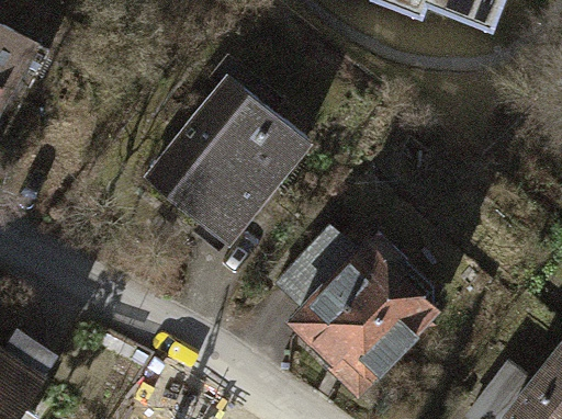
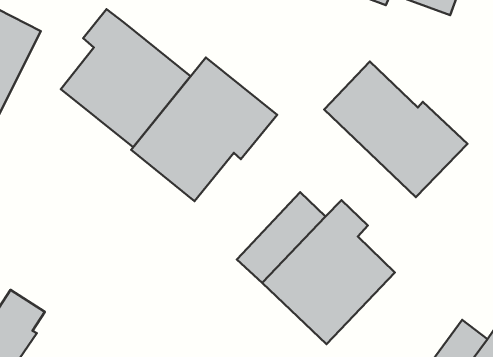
building: none -> [61,9,191,147]
building: none -> [324,62,467,197]

